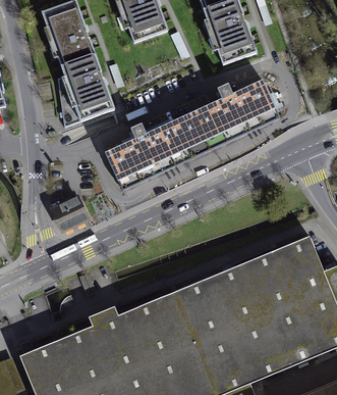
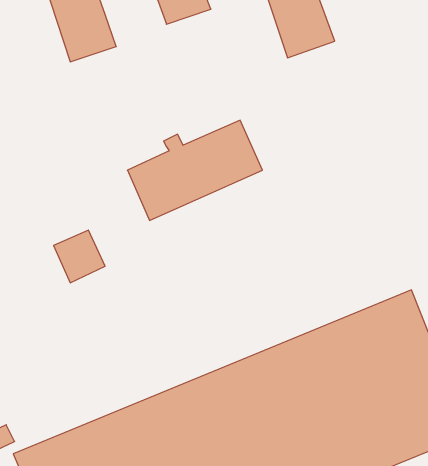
building: [57,57,112,126] -> none
building: [185,75,282,148] -> none

